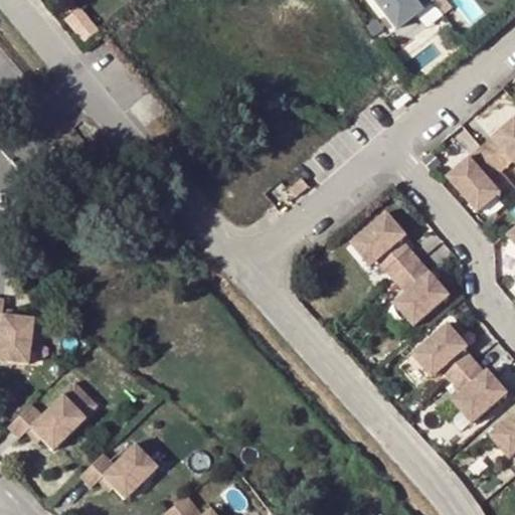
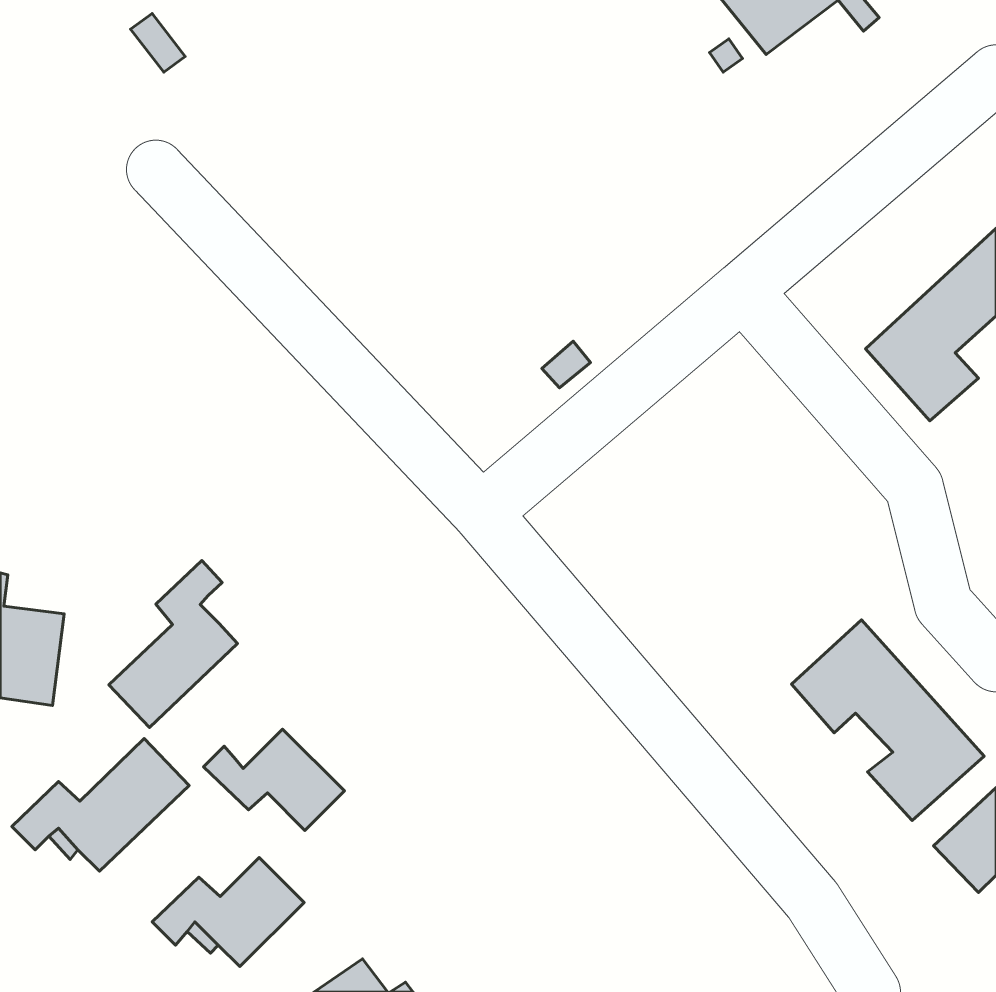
building: [350,208,452,325] -> none
building: none -> [109,560,237,727]
building: none -> [204,729,344,830]

